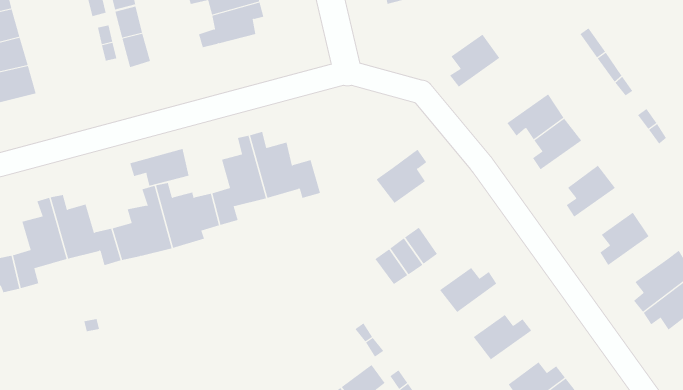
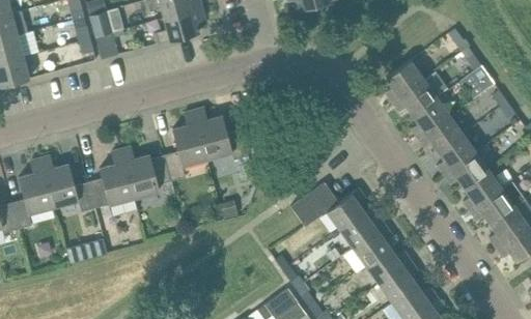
building: [449,34,500,88] -> [384,60,423,102]
building: none -> [417,115,462,151]
building: [130,148,189,187] -> none
building: [376,149,427,204] -> [326,187,365,230]
building: none -> [443,151,488,187]
building: none -> [469,189,514,224]
building: none -> [353,225,391,266]
building: none -> [379,261,417,302]

